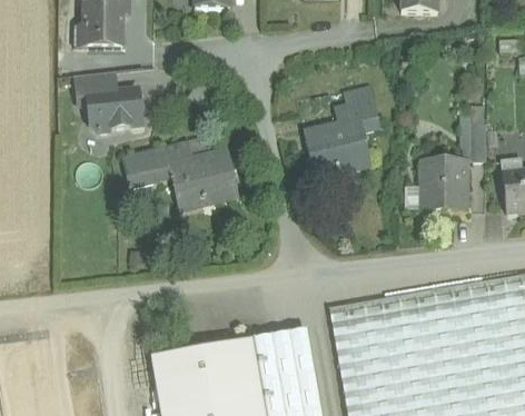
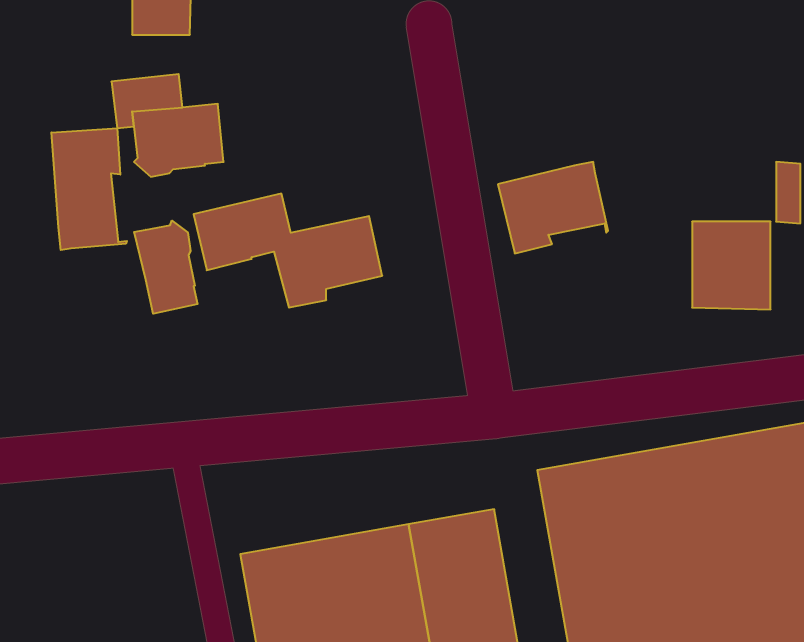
building: [343,82,379,129] -> none
building: none -> [51,128,127,250]
building: none -> [134,221,198,314]

